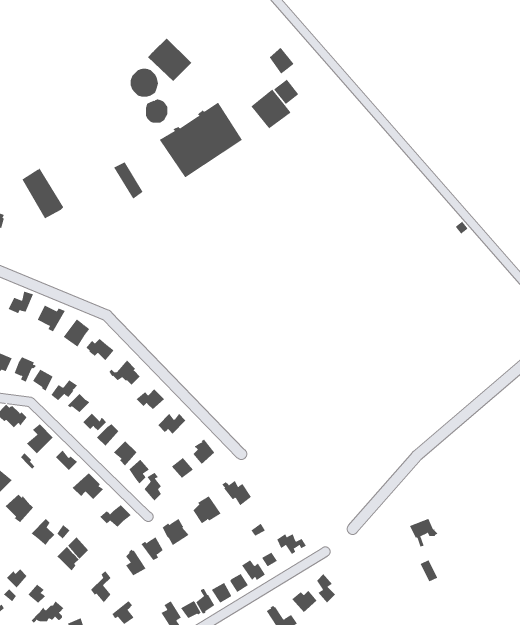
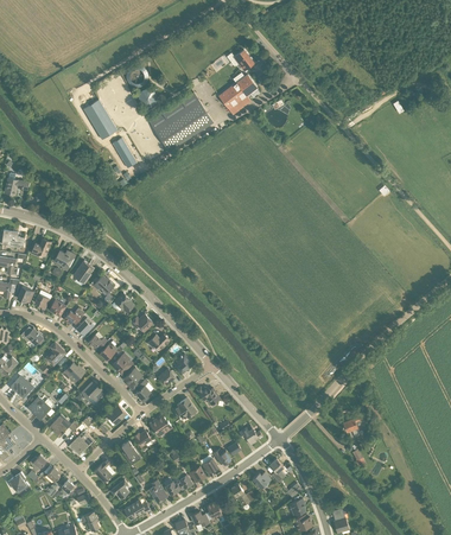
building: [147,37,192,82] -> none
building: [22,167,64,219] -> [83,98,116,139]

